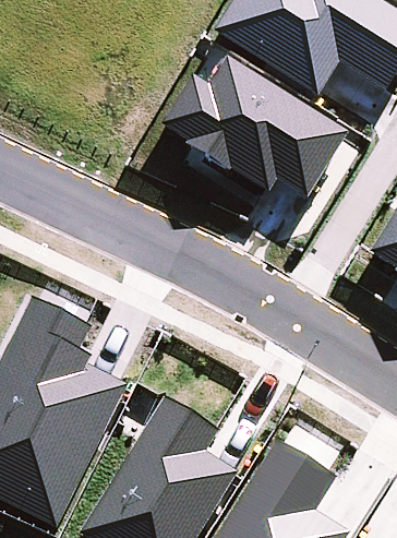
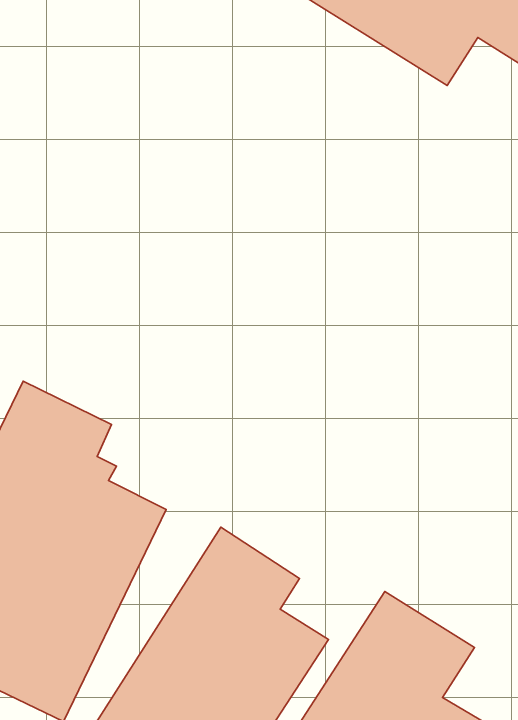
building: [160,56,348,196] -> none

